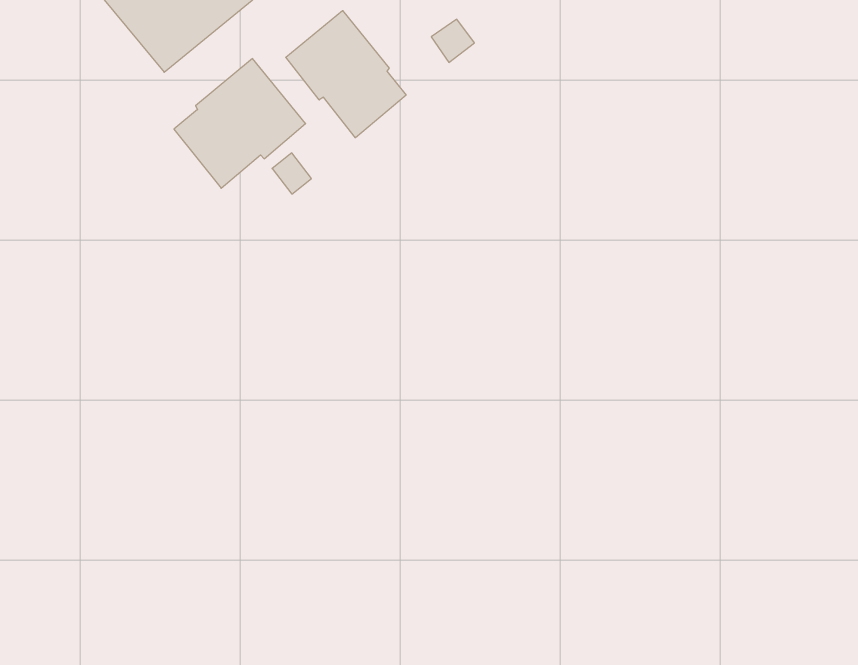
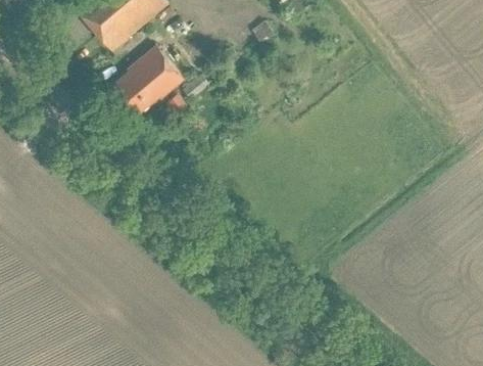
building: [286,11,406,138] -> none

